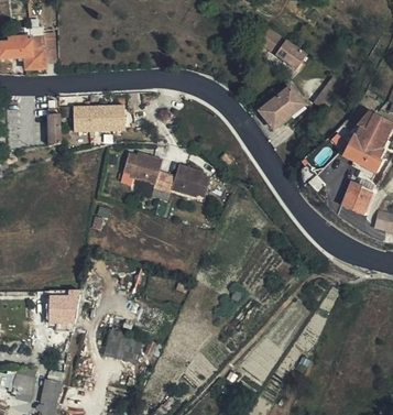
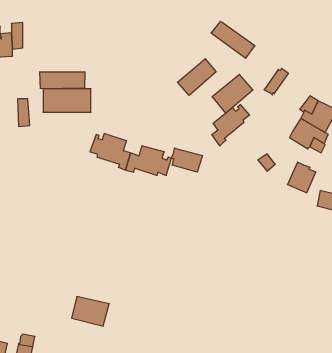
building: none -> [177,59,216,95]
building: none -> [40,72,85,89]
building: none -> [212,105,249,146]
building: none -> [171,148,202,172]
building: [50,290,80,321] -> none

